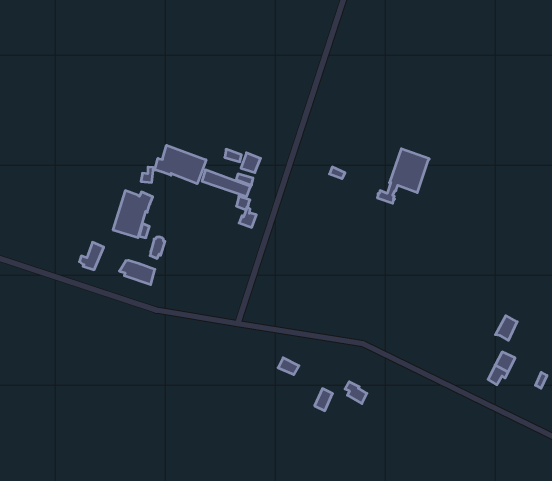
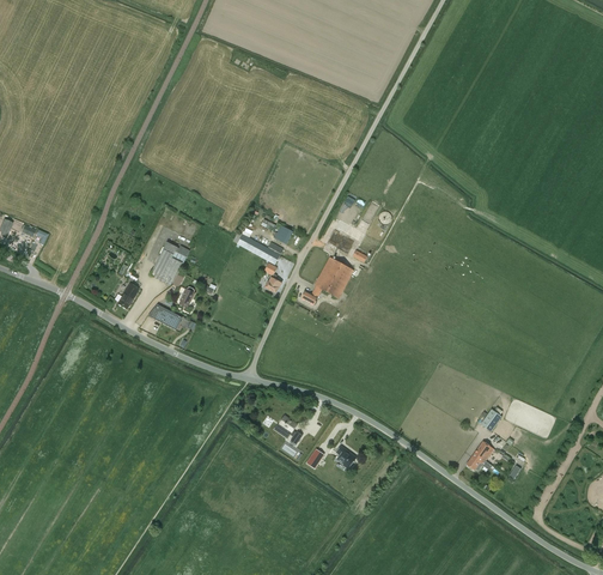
building: [155,145,206,184] -> none
building: [377,149,429,203] -> [300,256,353,304]

